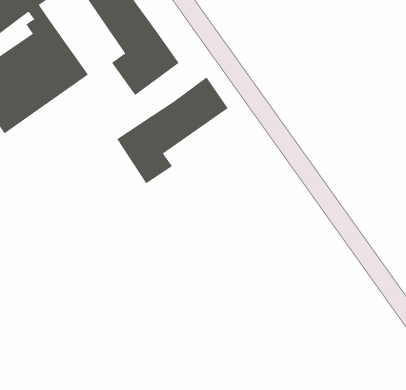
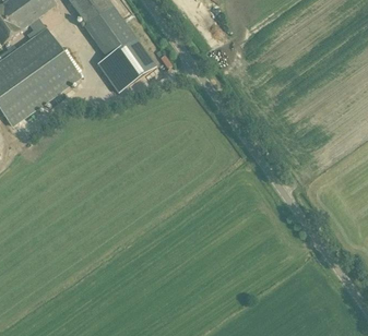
building: [116,77,229,184] -> none

